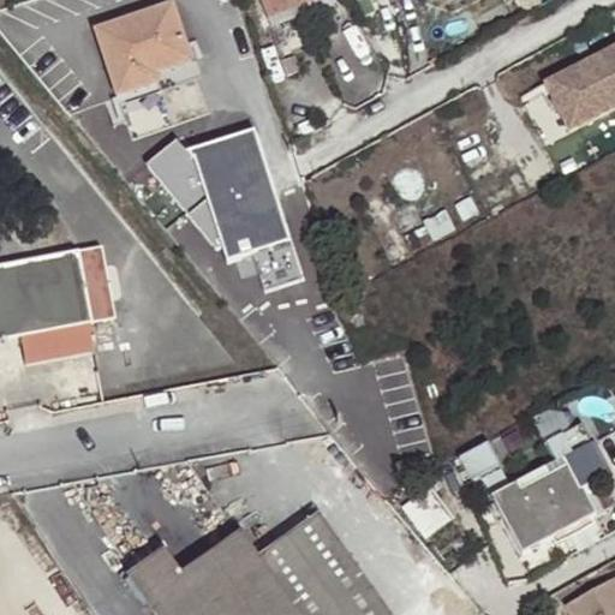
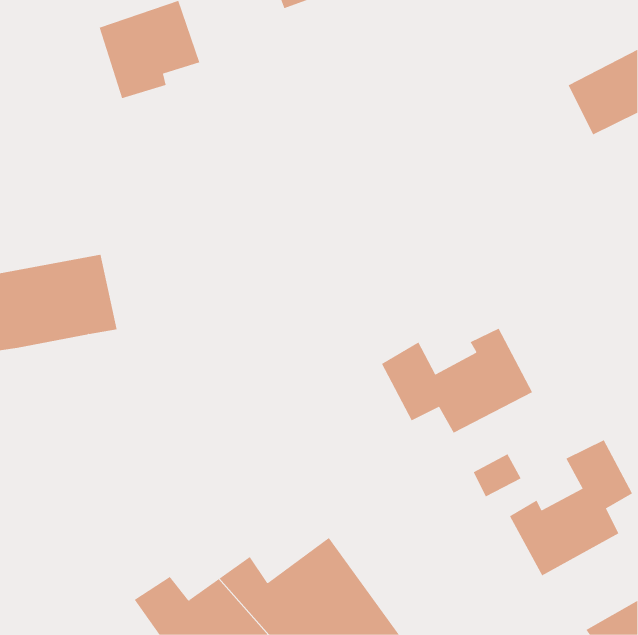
building: [145,132,303,288] -> none
building: none -> [381,328,533,434]
building: [17,321,90,363] -> none

